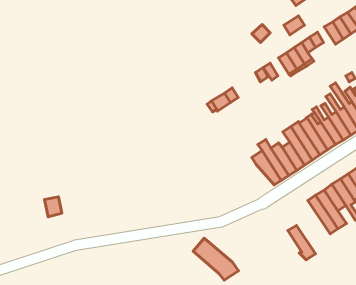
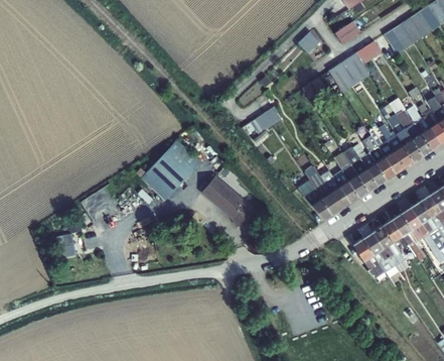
building: none -> [136,140,200,201]
building: [288,225,316,260] -> [353,238,386,278]
building: [193,238,239,280] -> [201,176,255,226]

